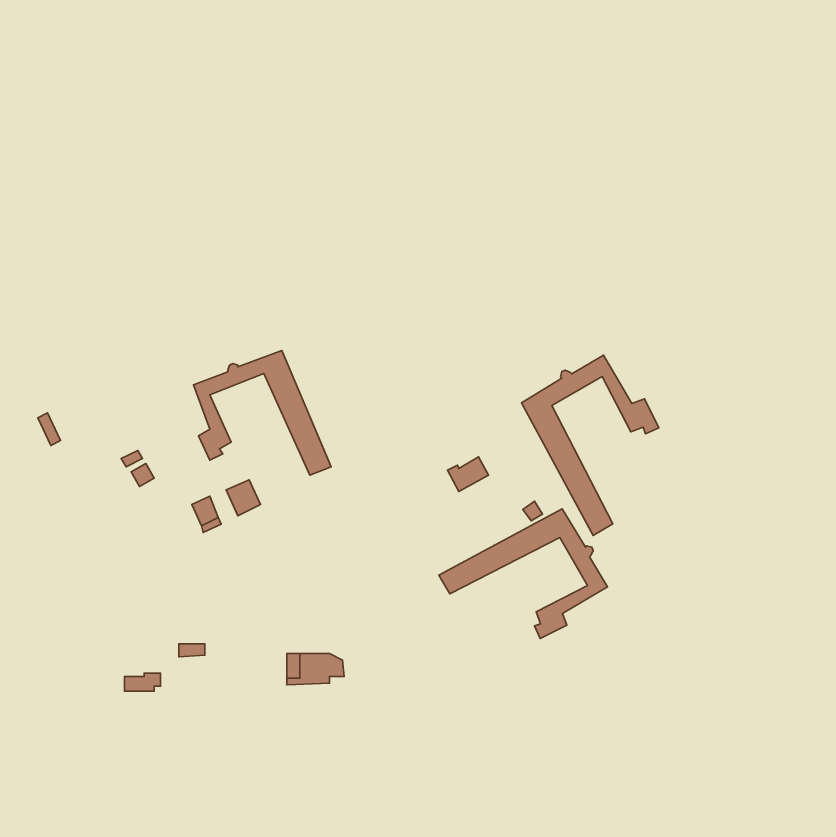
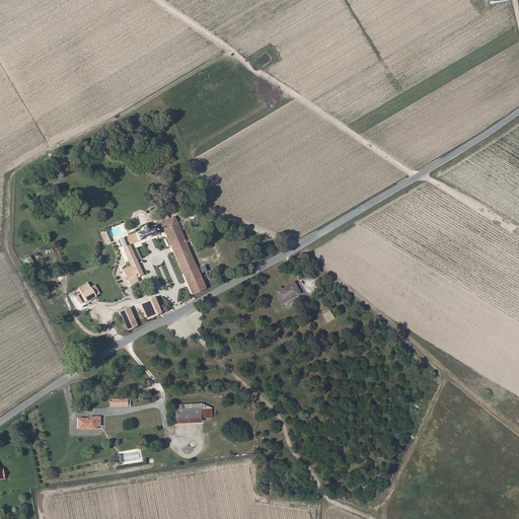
building: [522,355,659,536] -> none
building: [439,509,608,639] -> none

